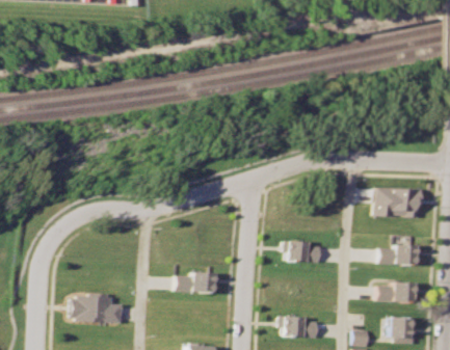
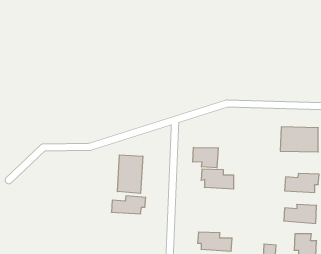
building: none -> [193,147,218,168]
building: none -> [117,155,143,193]
building: [71,293,121,323] -> none

